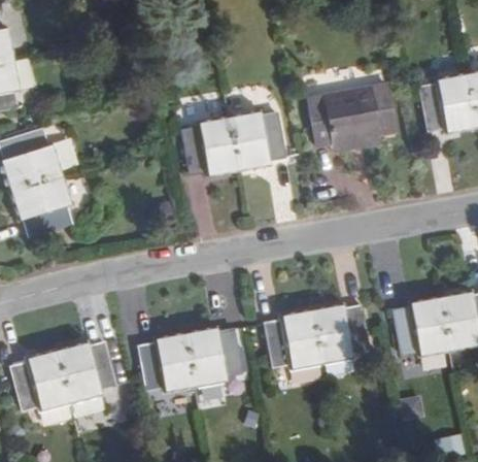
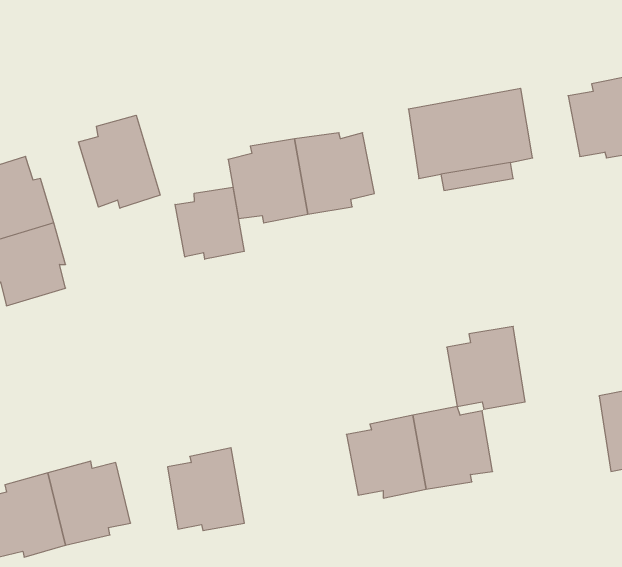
building: none -> [78,115,160,208]
building: none -> [175,187,244,259]
building: [395,297,449,355] -> [447,326,525,409]
building: [184,328,241,386] -> none

